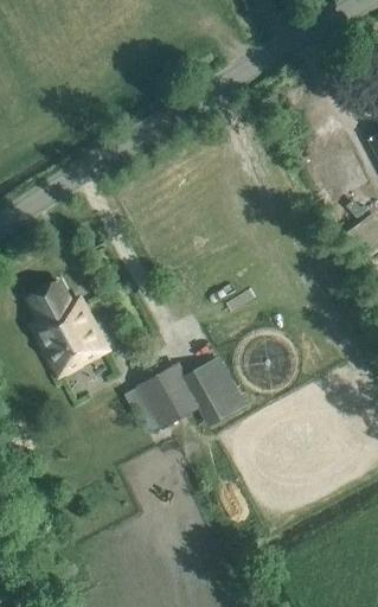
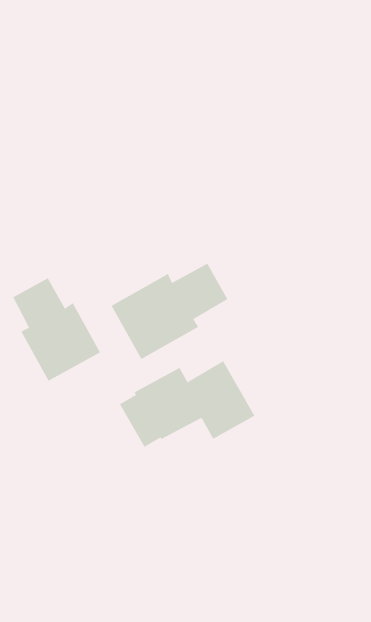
building: none -> [111,263,228,360]

